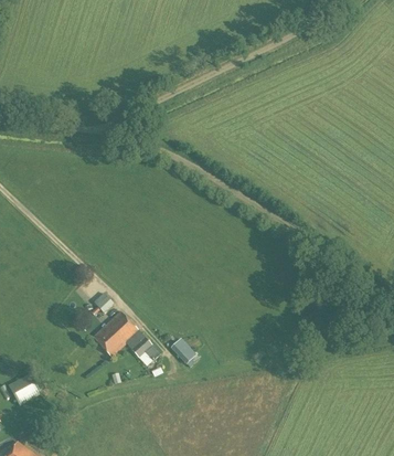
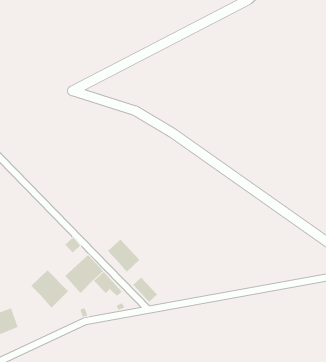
building: none -> [107,239,140,273]
building: none -> [30,270,69,308]

